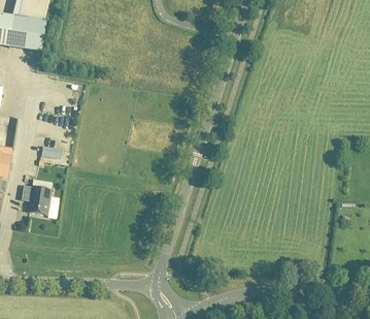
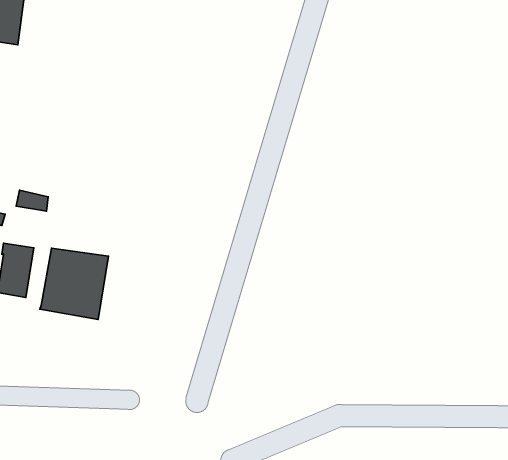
building: none -> [40,248,108,320]

